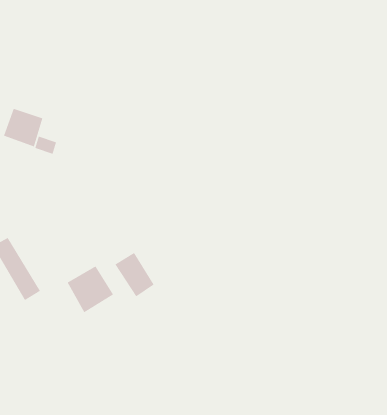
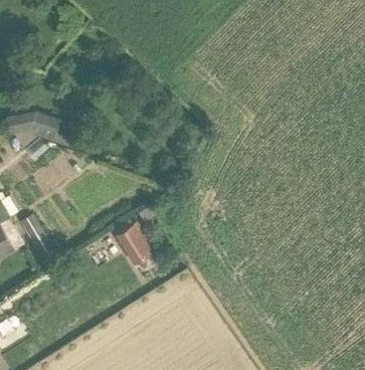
building: [67,266,114,313] -> none

